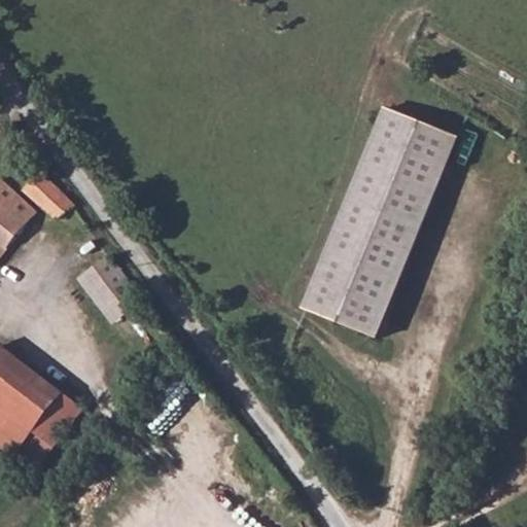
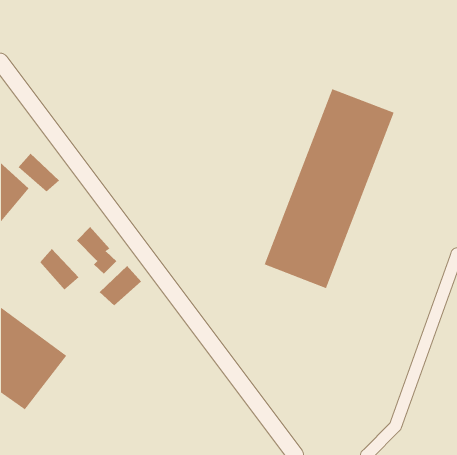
building: none -> [40,248,80,291]
building: none -> [99,265,142,306]

